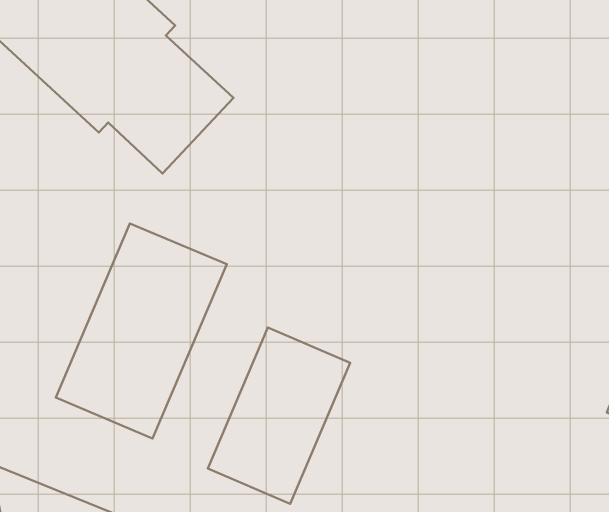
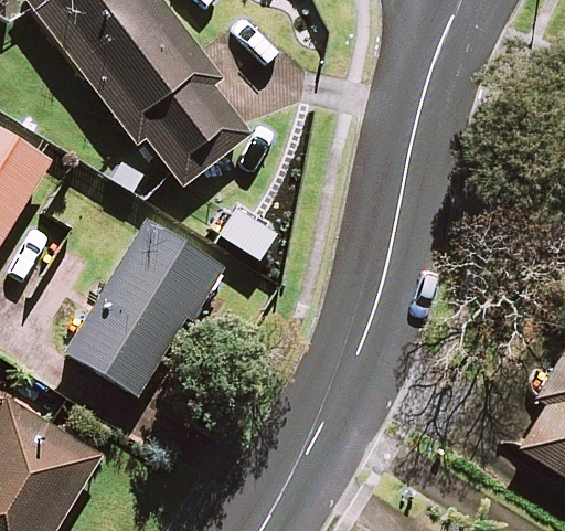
building: [208,328,350,504] -> none

